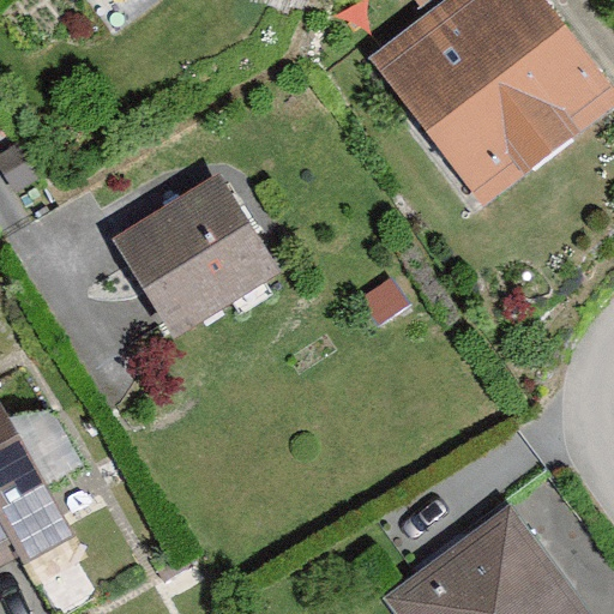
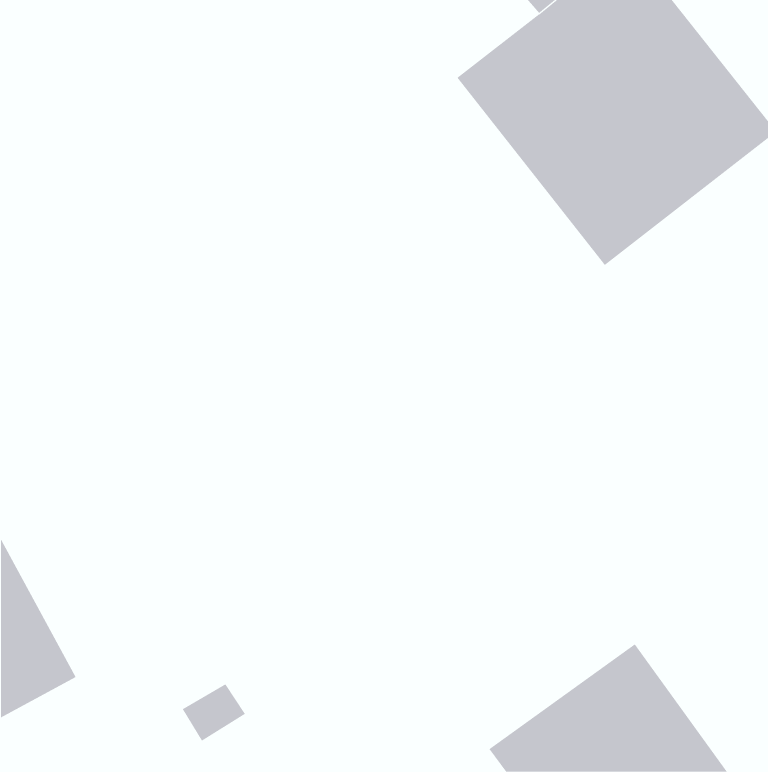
building: [115,179,271,326] -> none

